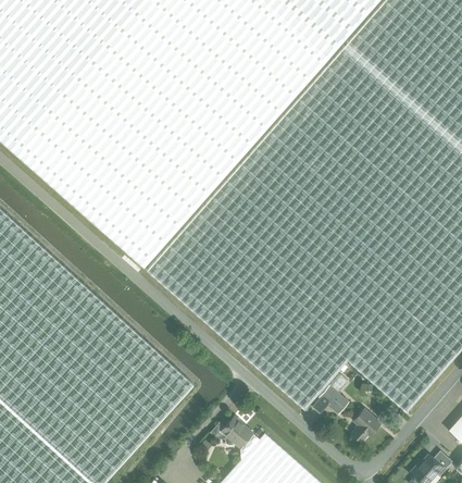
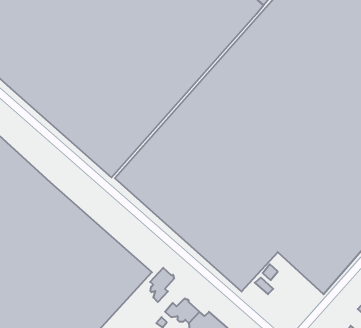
building: none -> [150,268,174,302]
building: [351,408,380,441] -> none

